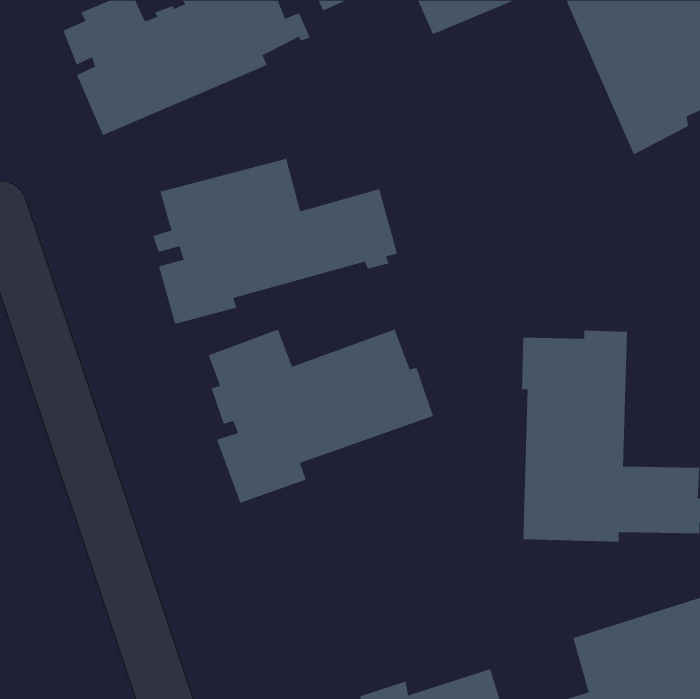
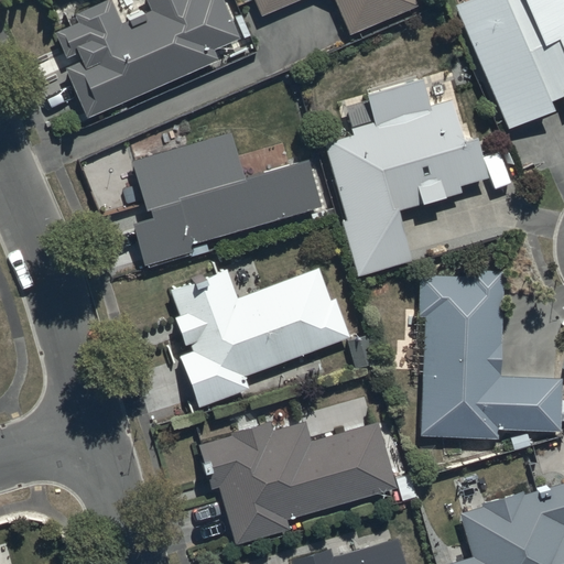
building: none -> [325,75,488,275]
building: none -> [200,421,398,544]

